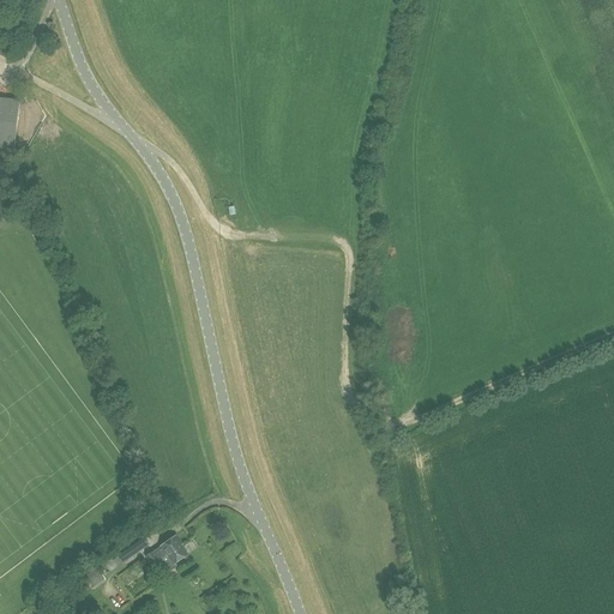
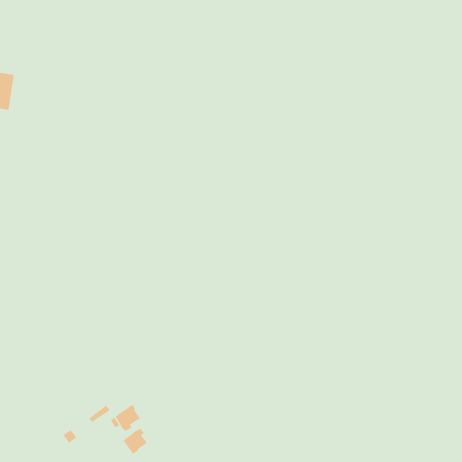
building: none -> [123,428,148,455]

